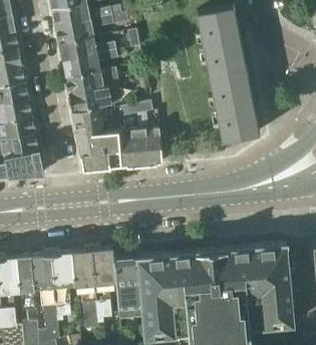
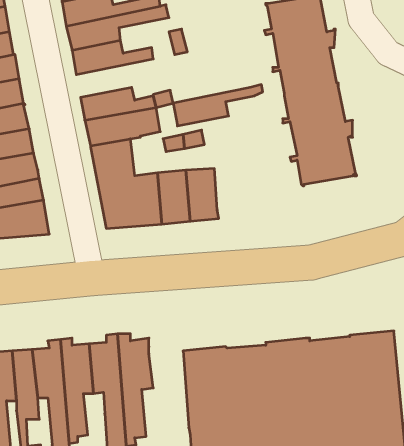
building: [62,49,125,78] -> [173,85,263,126]
building: [113,257,142,318] -> none

